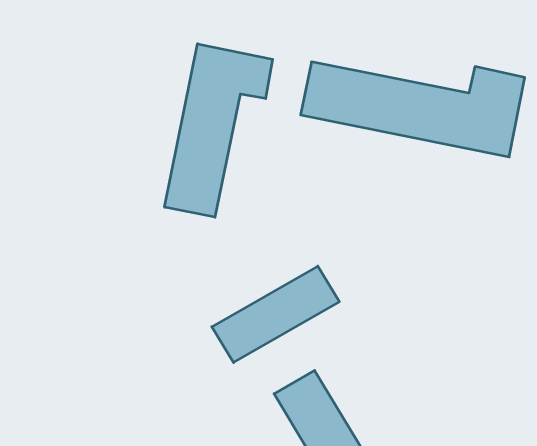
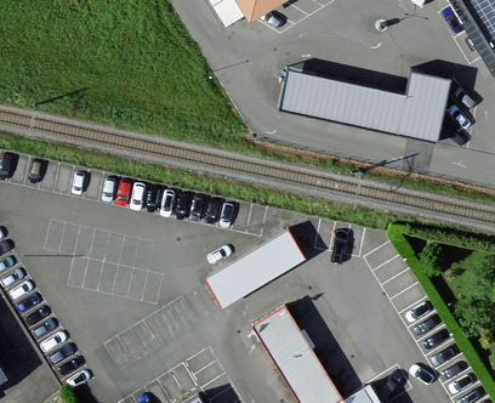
building: [165,44,273,217] -> none

